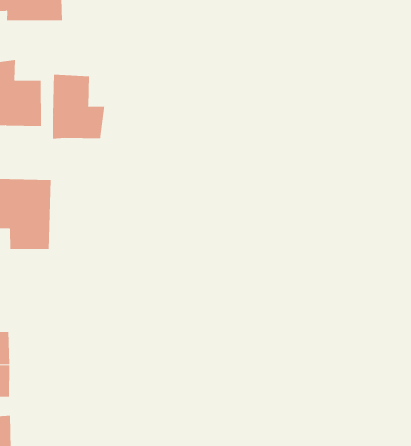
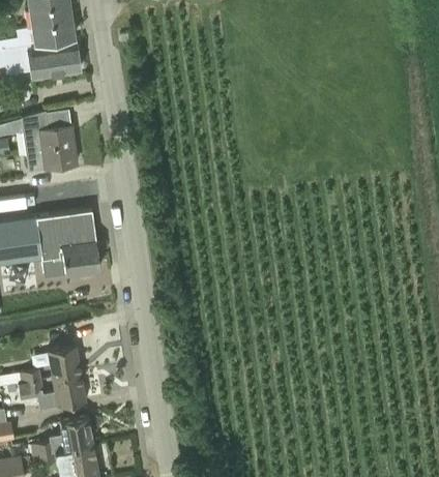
building: [52,74,105,139] -> none

